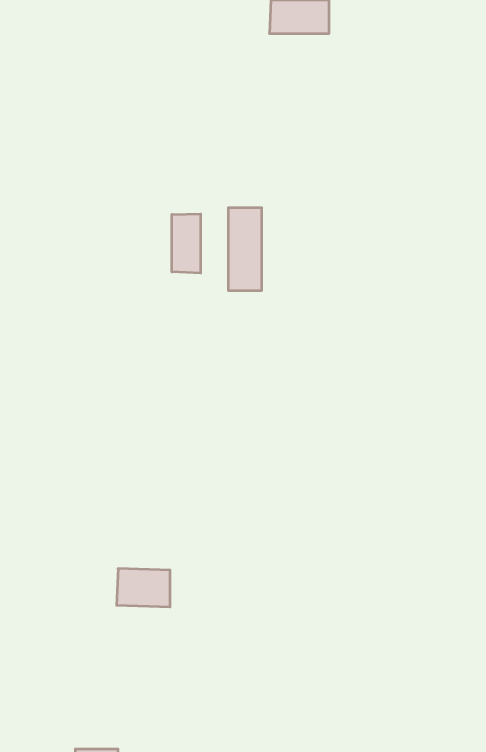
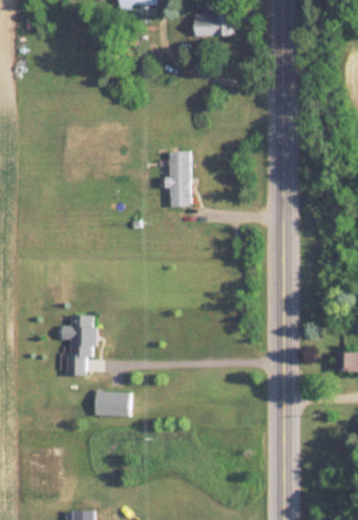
building: [172,214,201,273] -> none
building: none -> [68,315,96,376]

